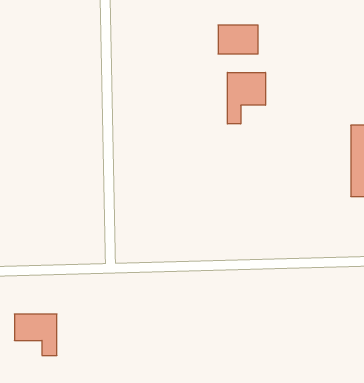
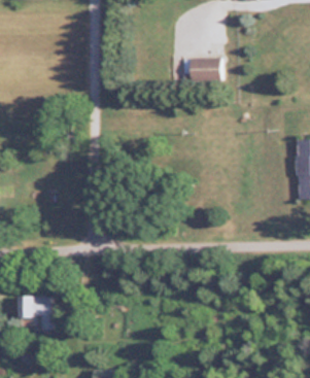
building: [227,72,265,124] -> none

